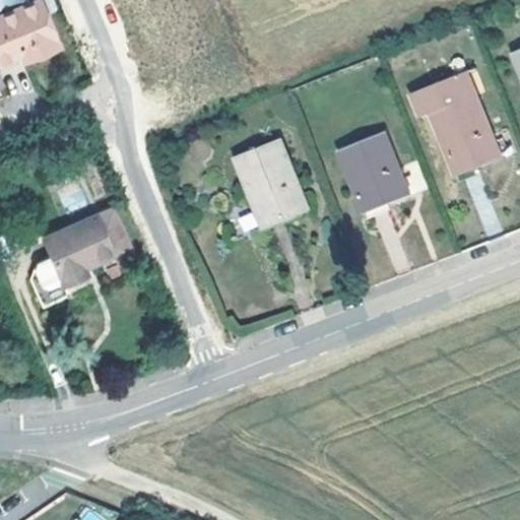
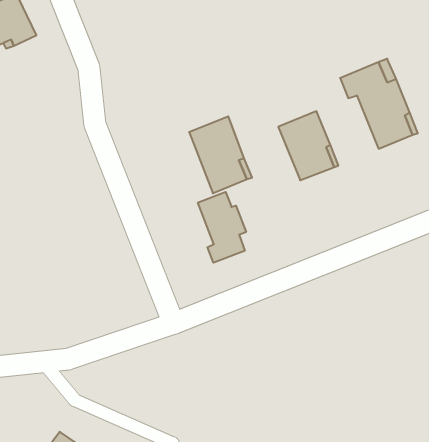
building: [28,206,130,307] -> none
building: none -> [198,192,246,263]

